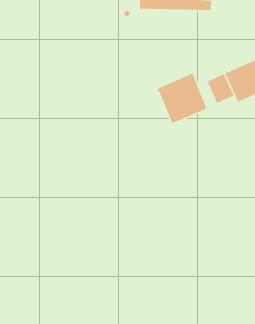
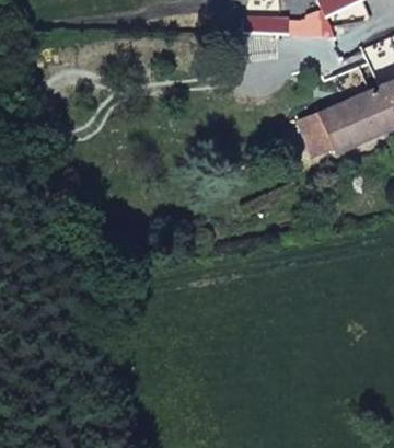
building: [157,73,208,124] -> none

